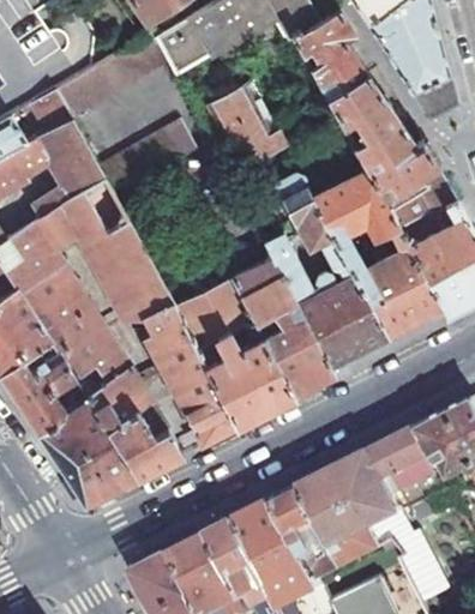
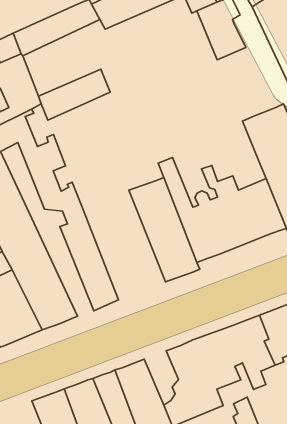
building: [202,71,285,167] -> none
building: [327,77,411,167] -> none
building: [279,169,399,257] -> none
building: [172,251,291,426] -> none
building: [275,486,323,558] -> none

